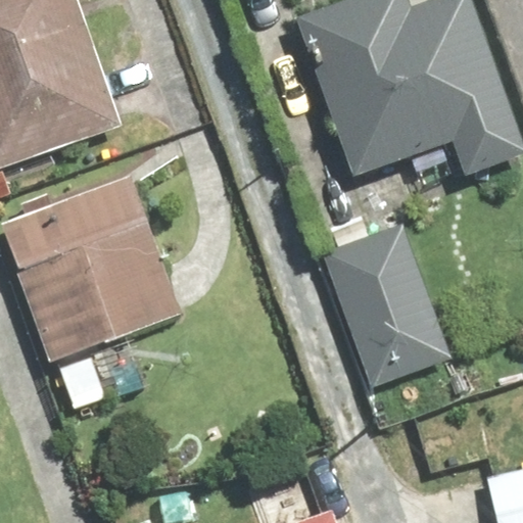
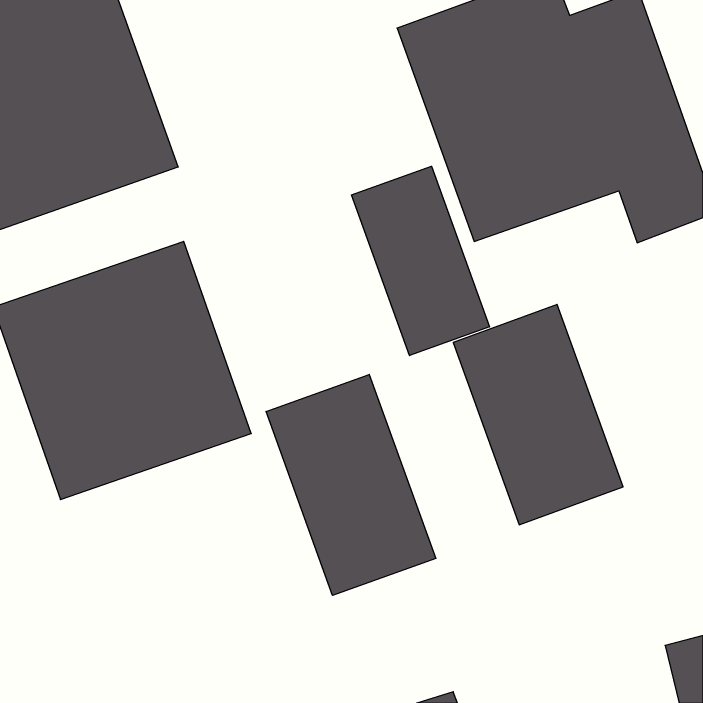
building: none -> [351,166,490,356]
building: none -> [266,374,436,595]

